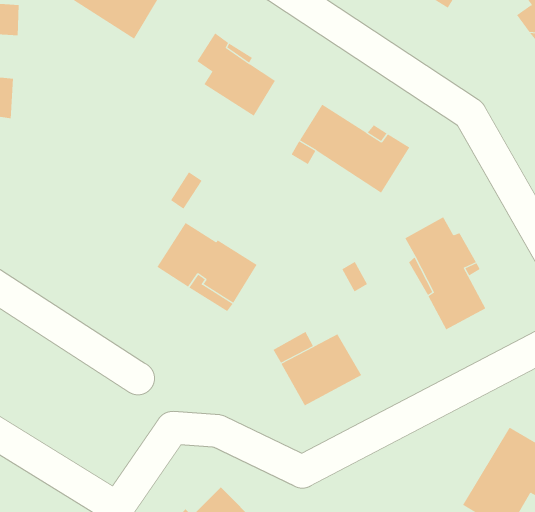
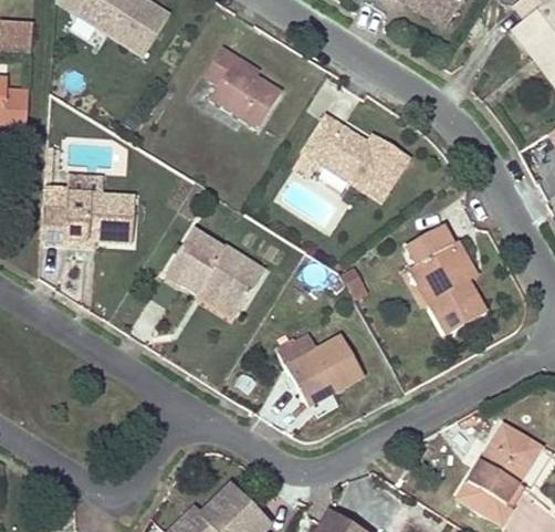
building: none -> [41,195,136,244]

